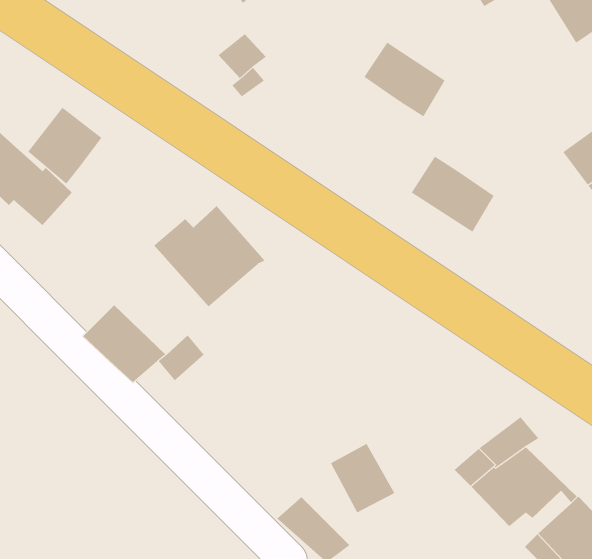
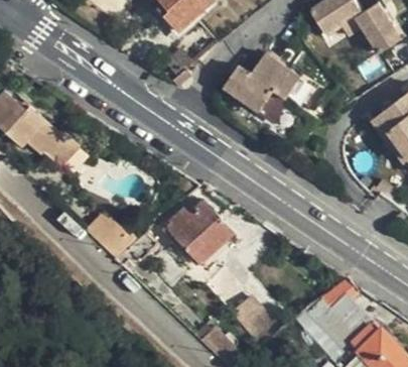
building: [27,107,102,184] -> none
building: [411,156,495,233] -> [224,66,274,112]
building: [153,205,265,307] -> [164,200,232,261]

